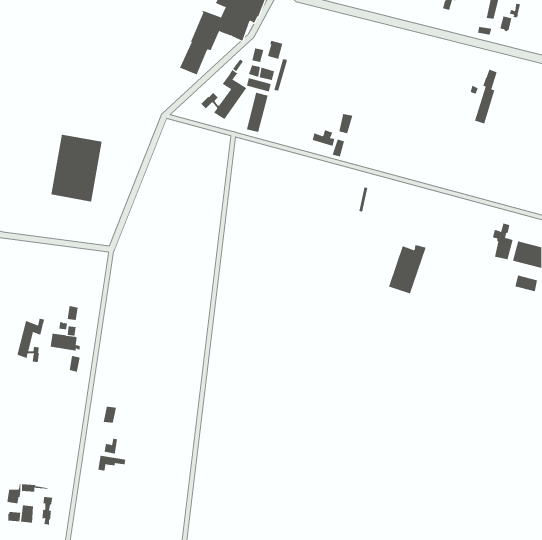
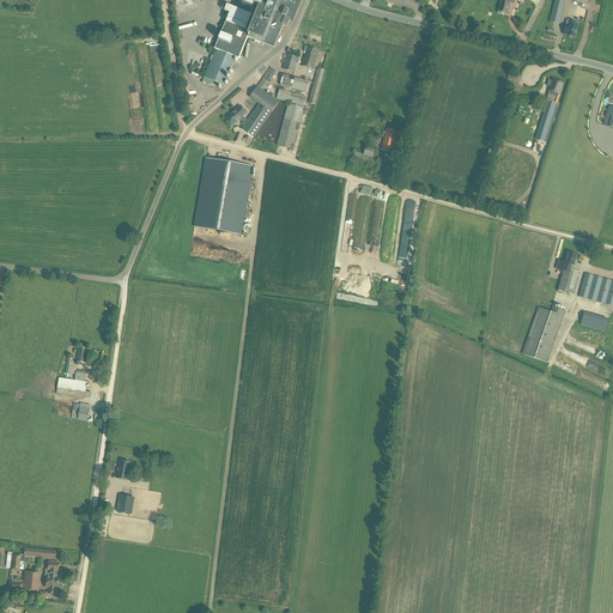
building: [50,134,102,202] -> [194,156,253,232]
building: [388,244,426,294] -> [522,305,565,362]
building: [17,317,45,363] -> none

